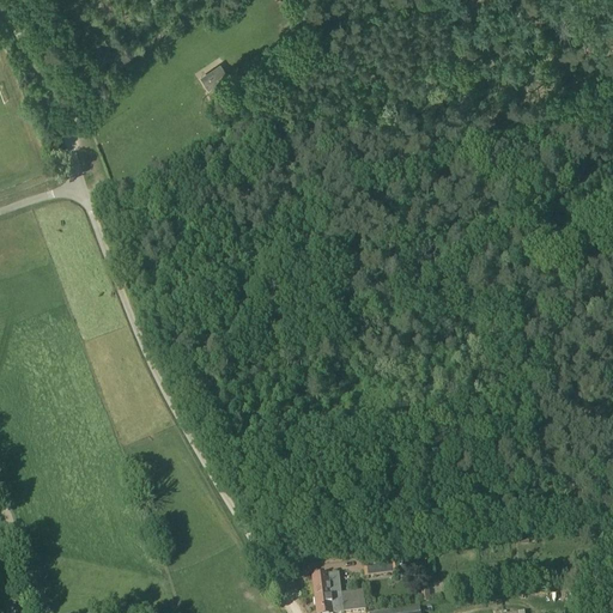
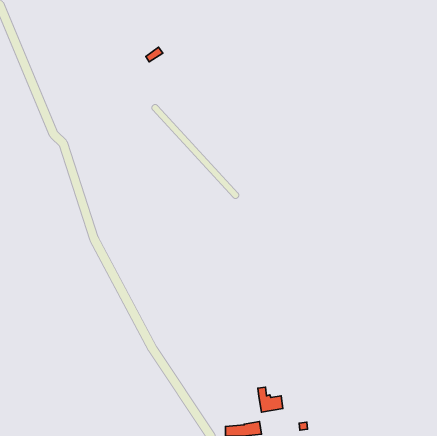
building: [311,571,341,596] -> none

